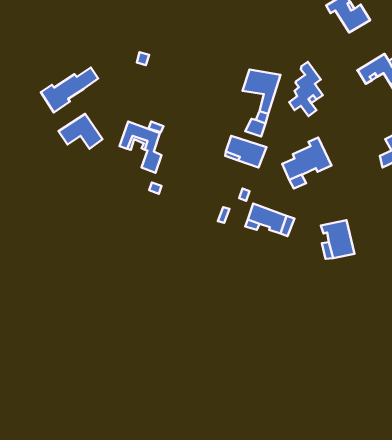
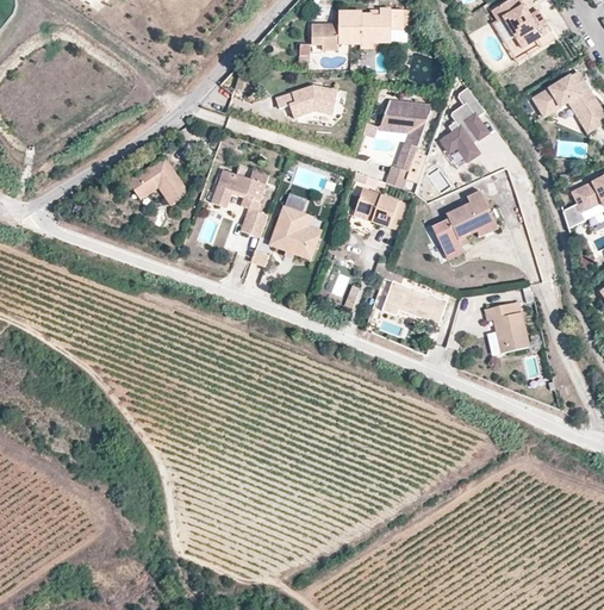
building: none -> [311,8,403,49]
building: none -> [275,85,338,117]
building: [41,67,98,113] -> none
building: none -> [268,194,322,260]

